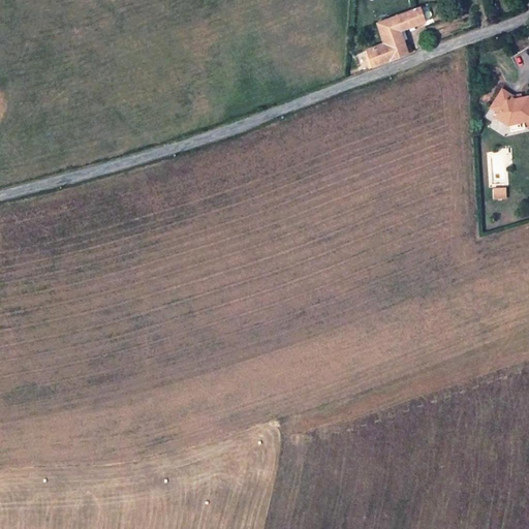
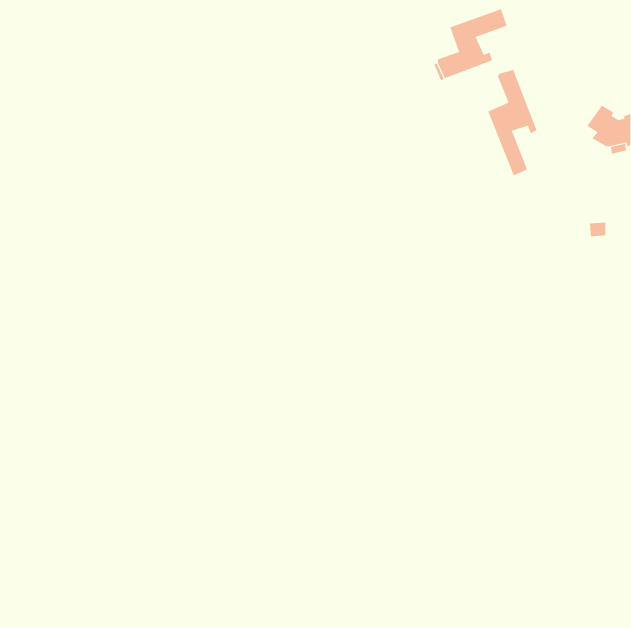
building: none -> [487,69,537,176]

